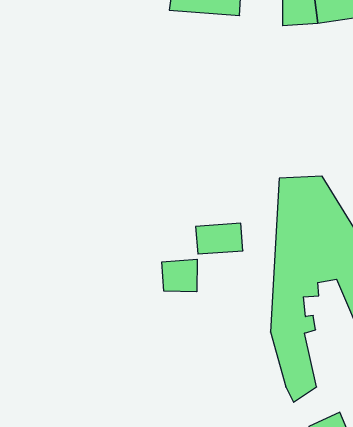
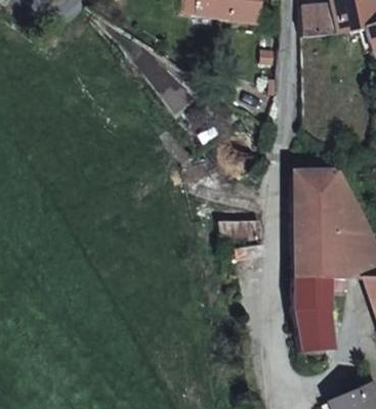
building: [162,259,197,292] -> none

